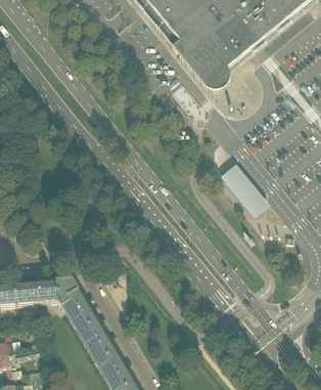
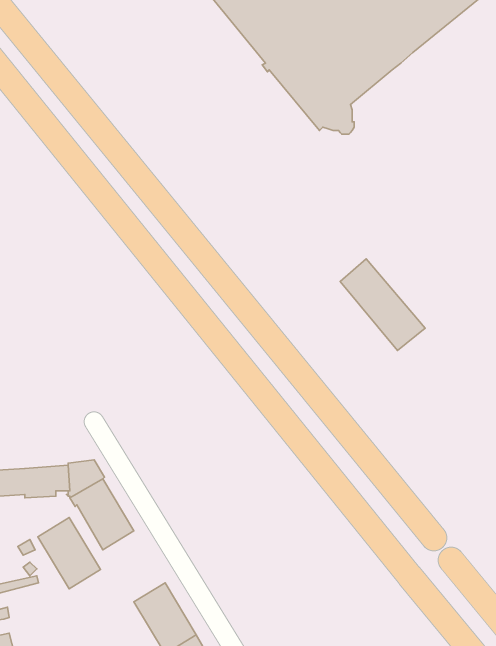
building: [79,320,116,362] -> [38,518,100,589]

